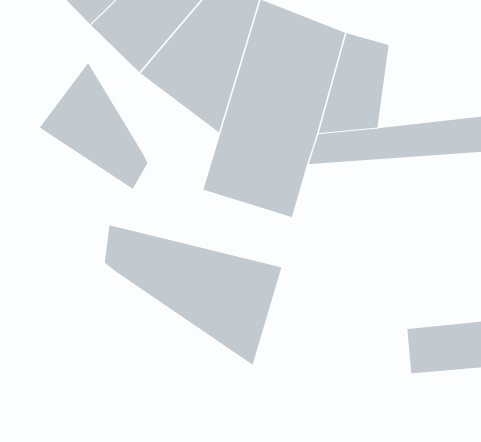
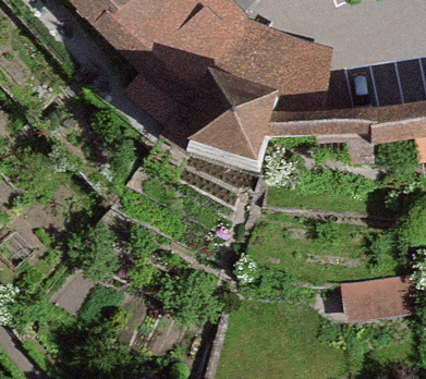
building: [39,62,148,190] -> none
building: [104,224,282,366] -> none

